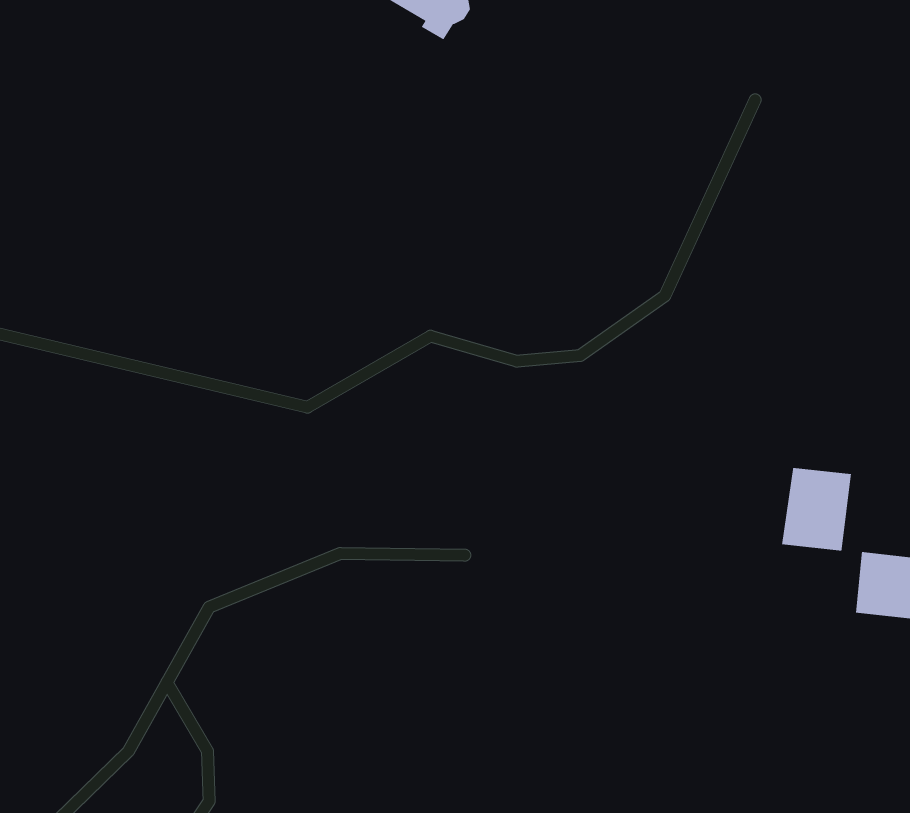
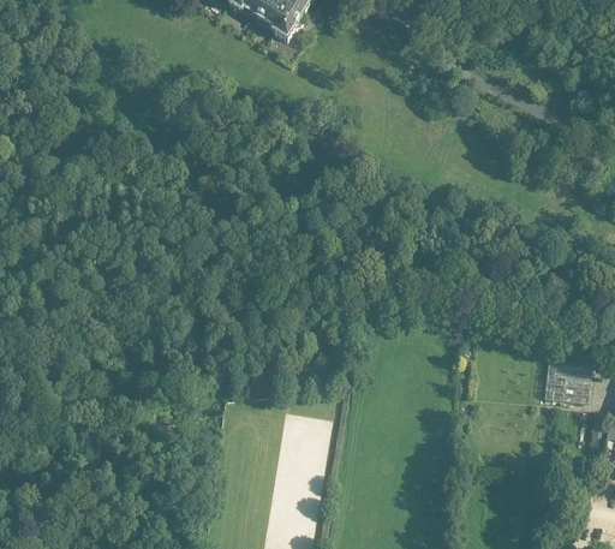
building: [781,467,852,551] -> none

